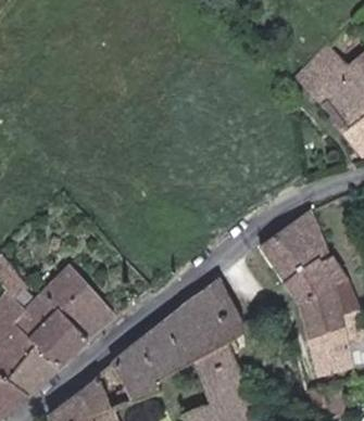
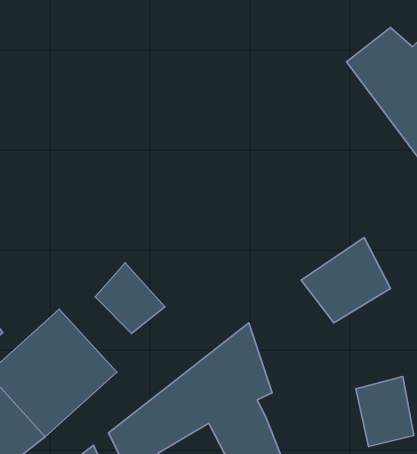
building: none -> [95,263,165,333]
building: [288,253,344,332] -> none

